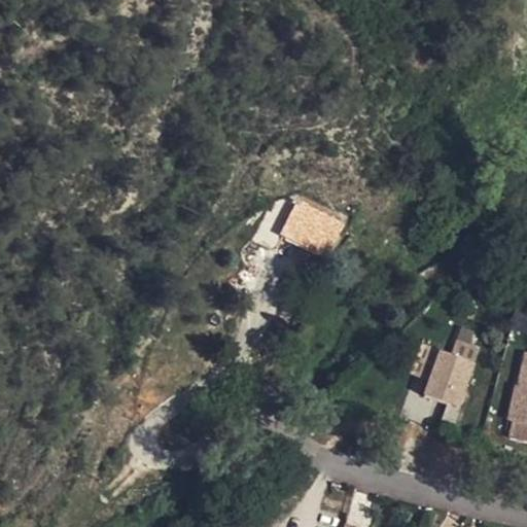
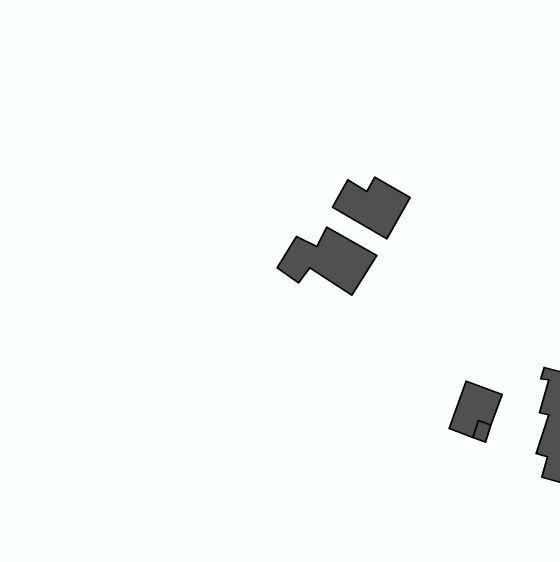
building: none -> [332,177,410,239]

